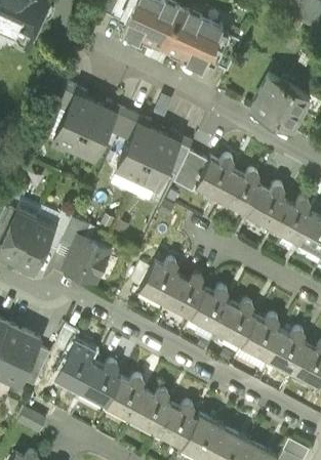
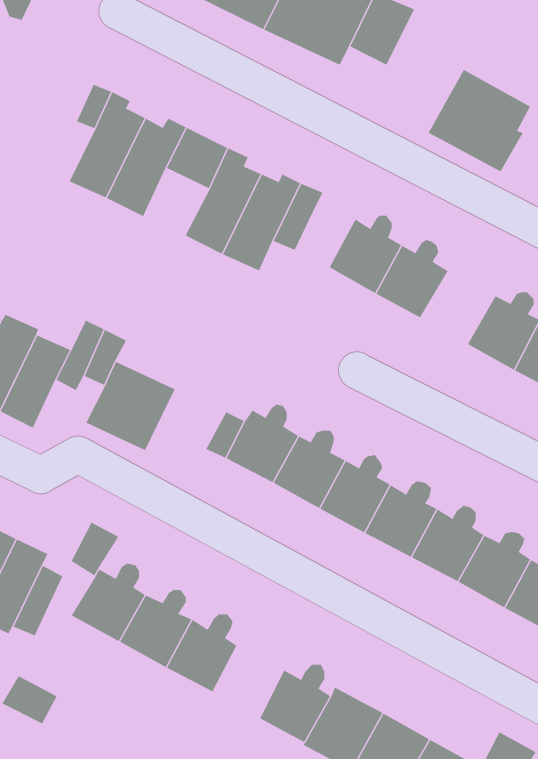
building: [174,149,208,192] -> none
building: [246,182,287,225] -> none
building: [132,386,171,430] -> none

